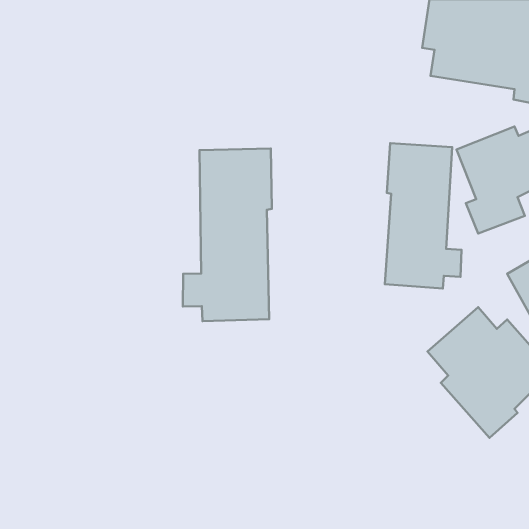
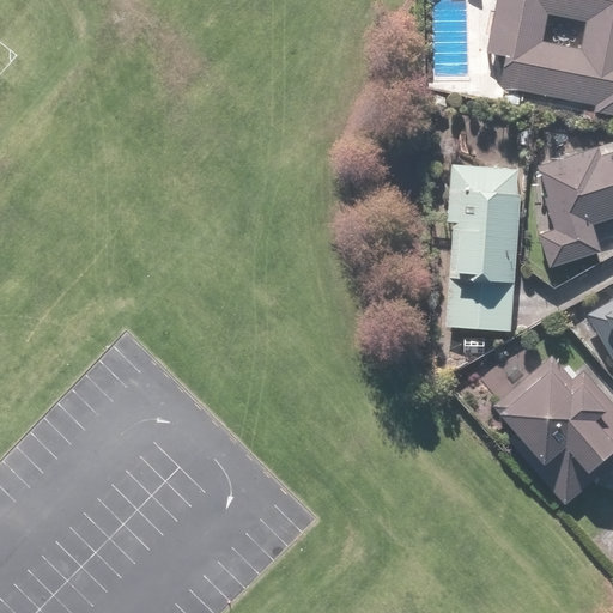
building: [183,149,272,321] -> none

